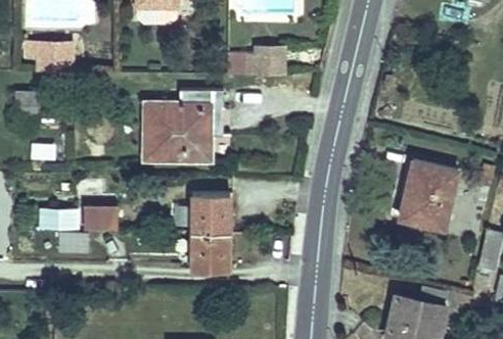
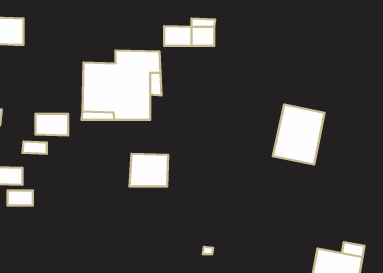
building: [398,163,454,229] -> [273,104,325,164]
building: [82,206,118,230] -> [35,114,68,136]
building: [188,230,232,270] -> none

